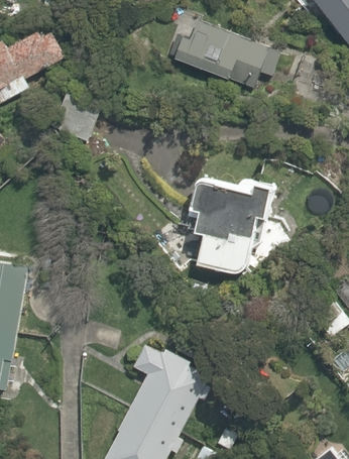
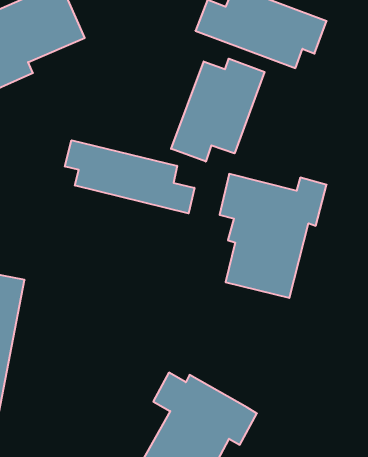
building: none -> [171,59,265,162]
building: none -> [65,140,194,213]

